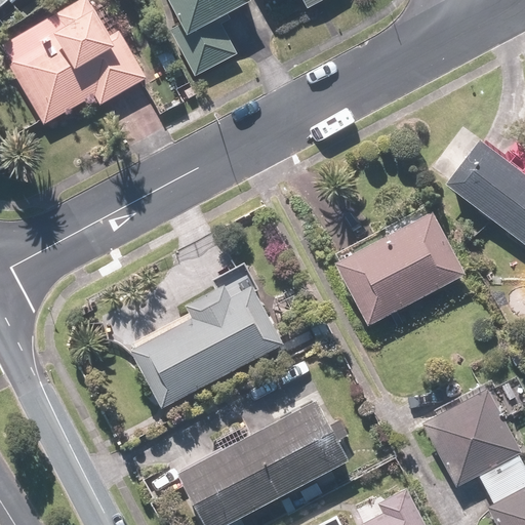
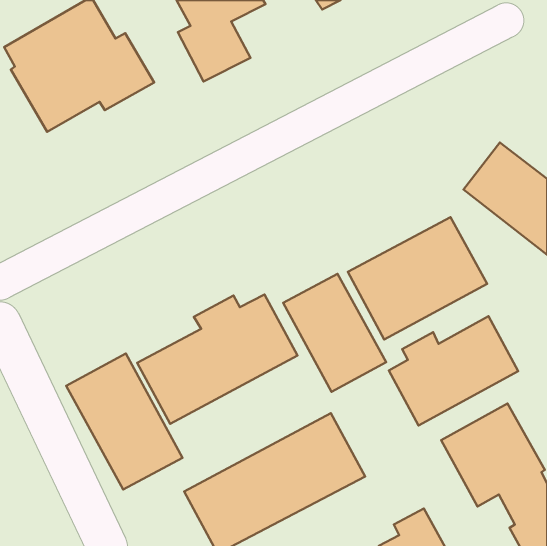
building: none -> [283,274,386,392]
building: none -> [389,316,518,425]
building: none -> [66,353,182,489]

